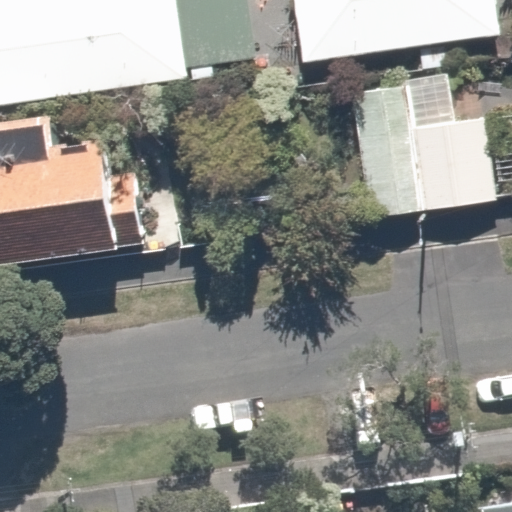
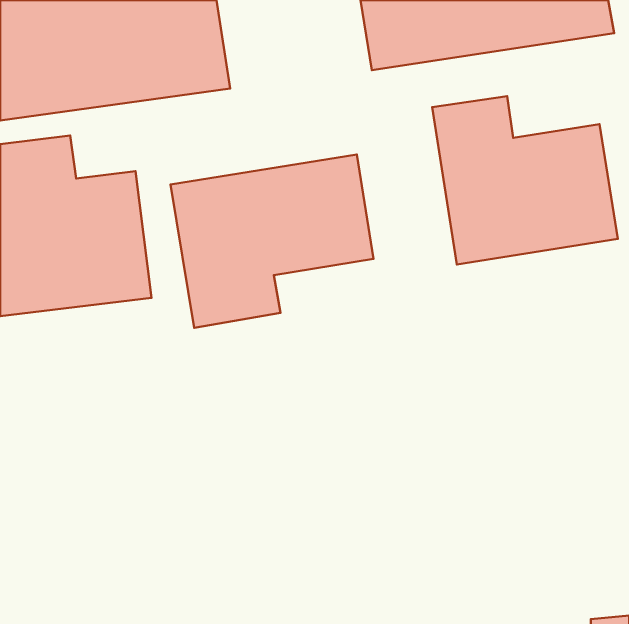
building: none -> [170,155,373,328]

